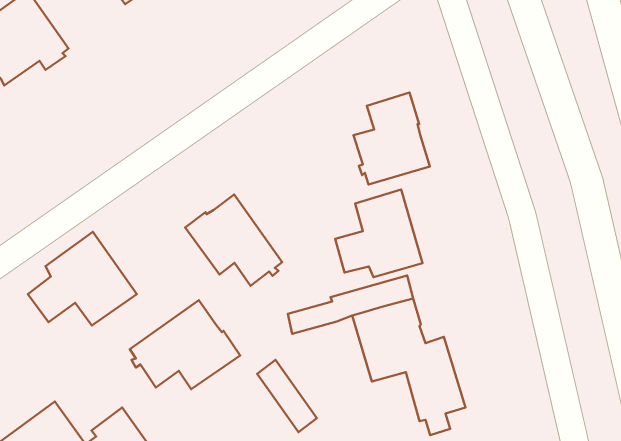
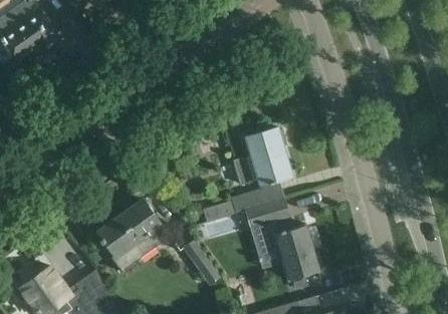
building: [354,92,430,184] -> none
building: [185,195,282,286] -> none
building: [28,232,137,326] -> none

